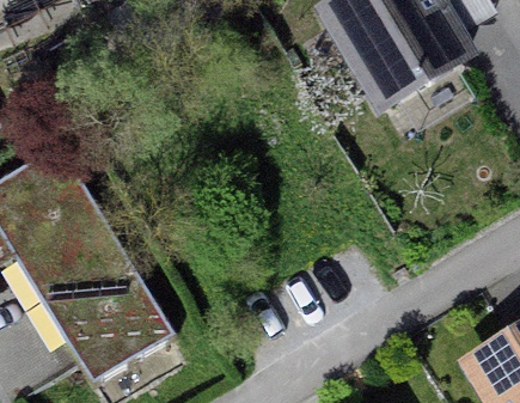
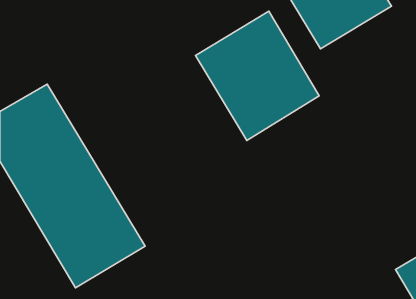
building: none -> [195,11,319,141]

